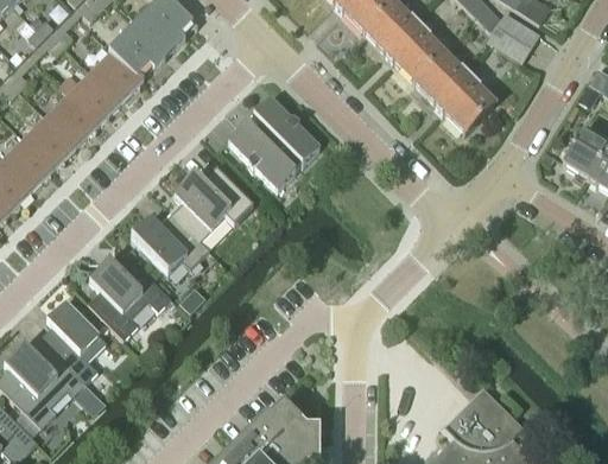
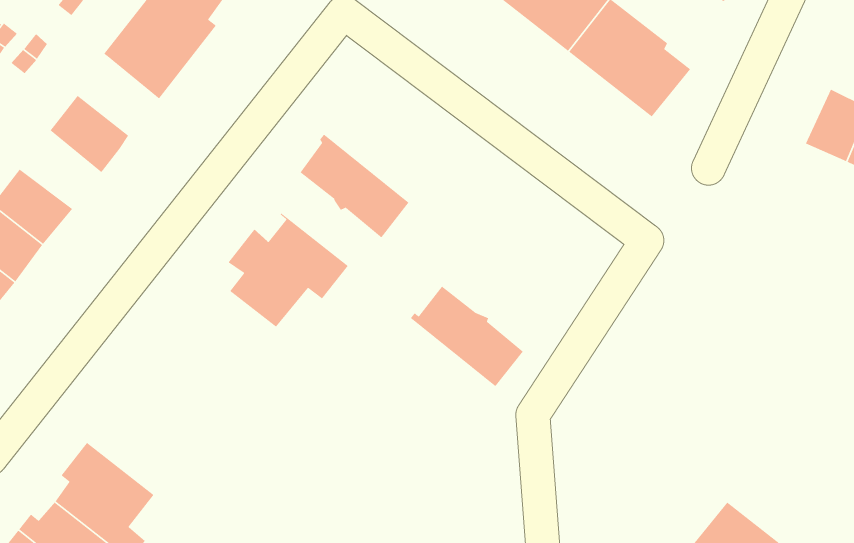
building: [88,49,141,102] -> none
building: [44,93,97,146] -> none
building: [247,97,319,169] -> [410,286,524,387]
building: [131,212,209,273] -> none
building: [88,252,171,338] -> none

